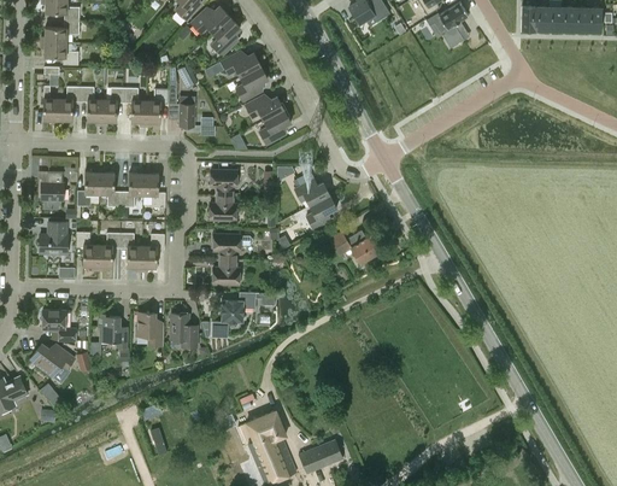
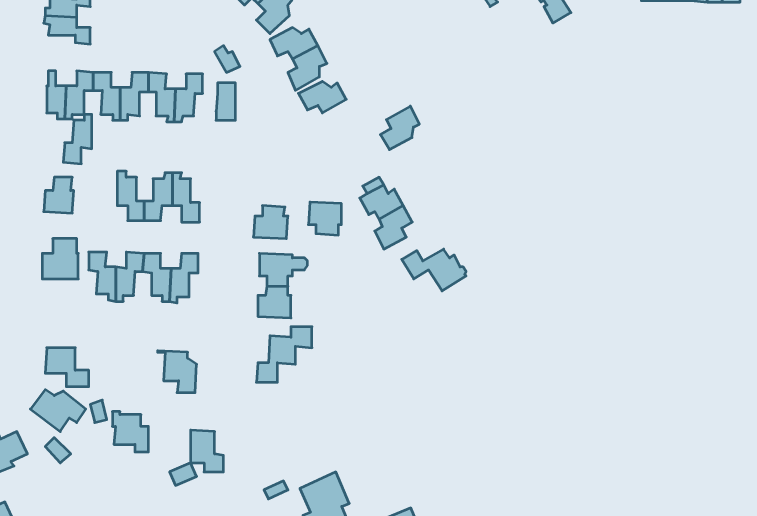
building: [259,110,290,145] -> [380,106,419,150]
building: [76,168,99,207] -> [63,114,92,164]
building: [210,170,236,197] -> [308,202,341,235]
building: [170,314,196,347] -> [191,430,223,472]
building: [98,315,127,347] -> [112,412,148,452]

